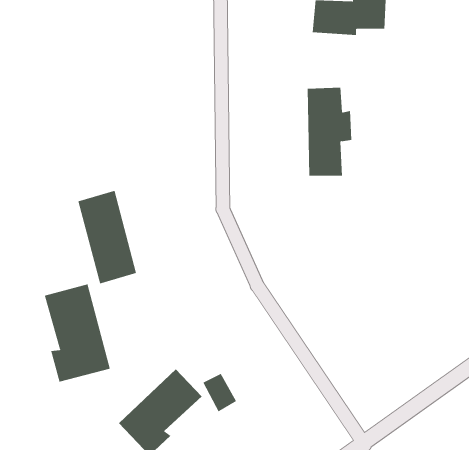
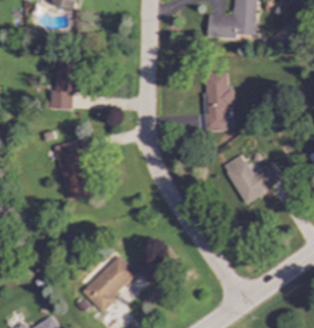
building: none -> [50,60,78,109]
building: none -> [223,155,283,203]
building: [44,283,110,382] -> none

